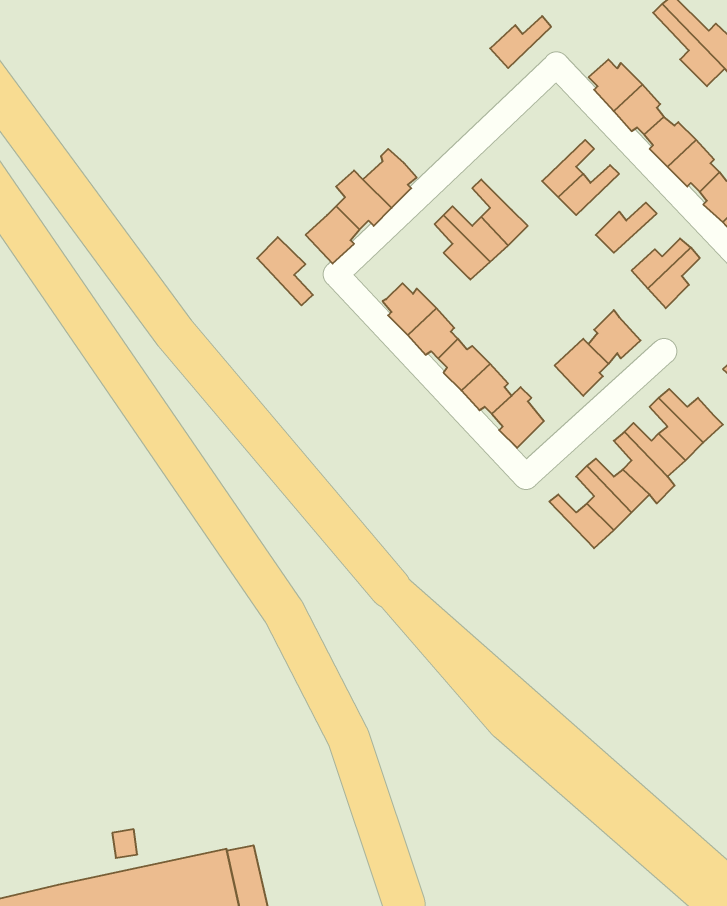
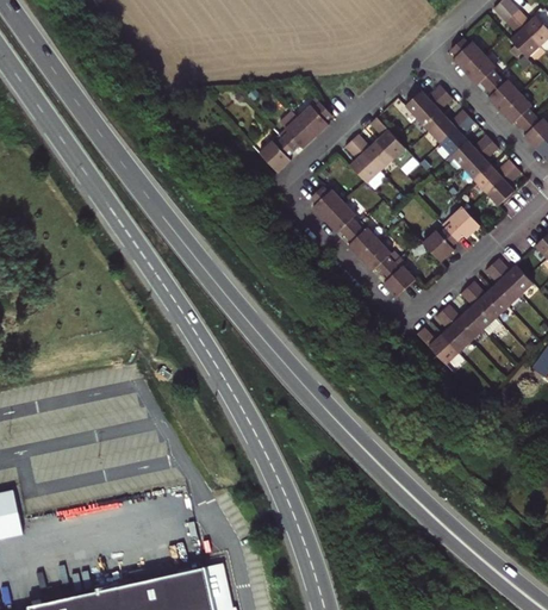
building: [490,16,551,68] -> [404,87,444,122]
building: none -> [438,117,474,157]
building: none -> [463,143,498,181]
building: [257,237,313,305] -> none

